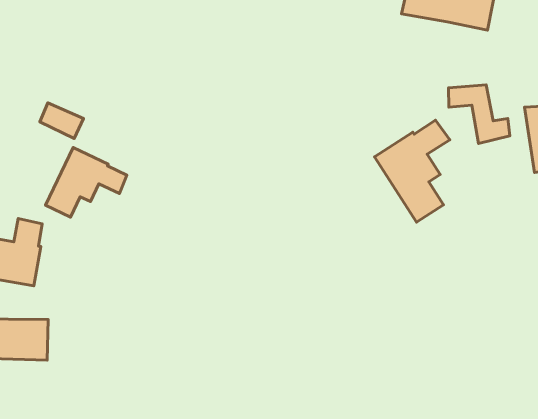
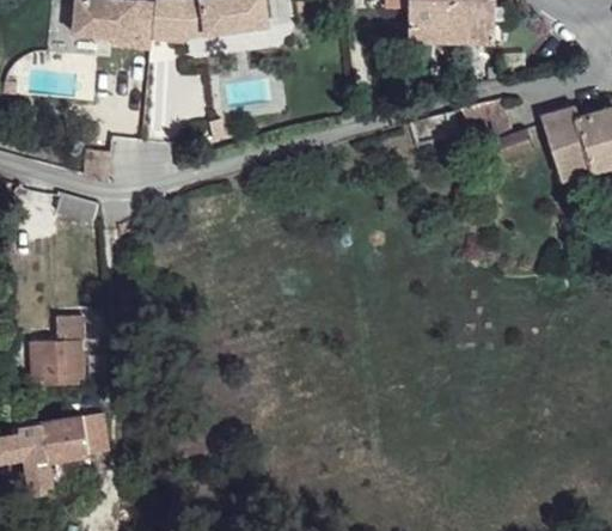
building: [375,120,450,222] -> none
building: [46,148,127,217] -> none

